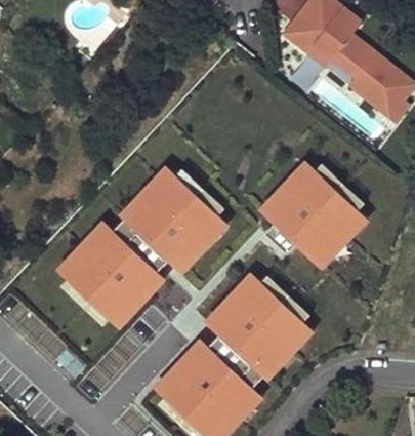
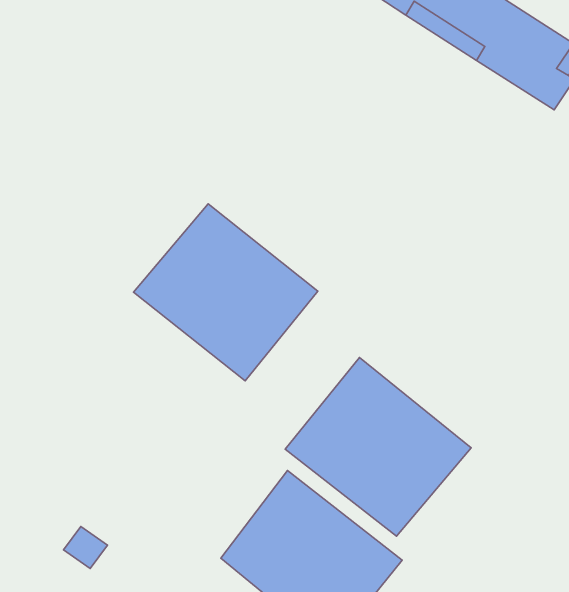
building: [257,155,372,269] -> none
building: [55,217,169,326] -> none

